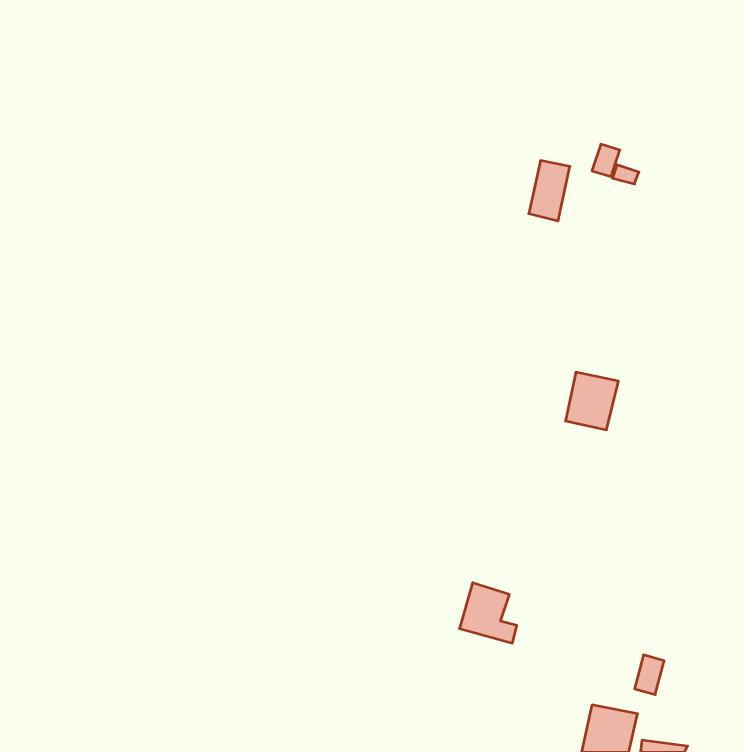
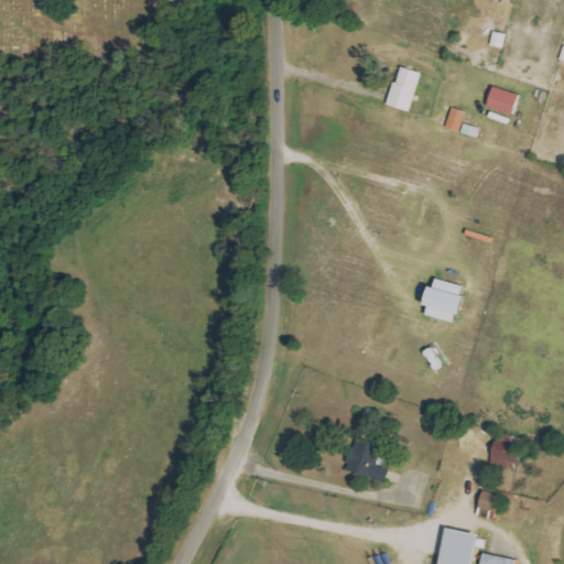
building: none -> [485,87,517,115]
building: [529,161,570,221] -> [387,67,417,112]
building: none -> [489,441,518,468]

